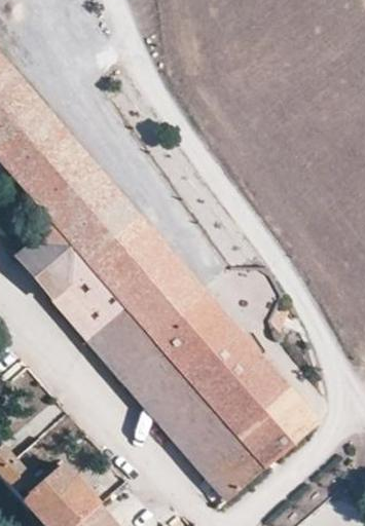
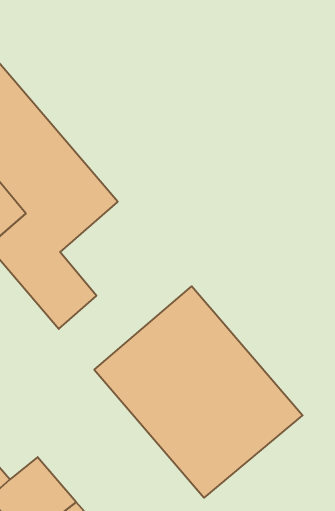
building: [86,217,214,378] -> none

